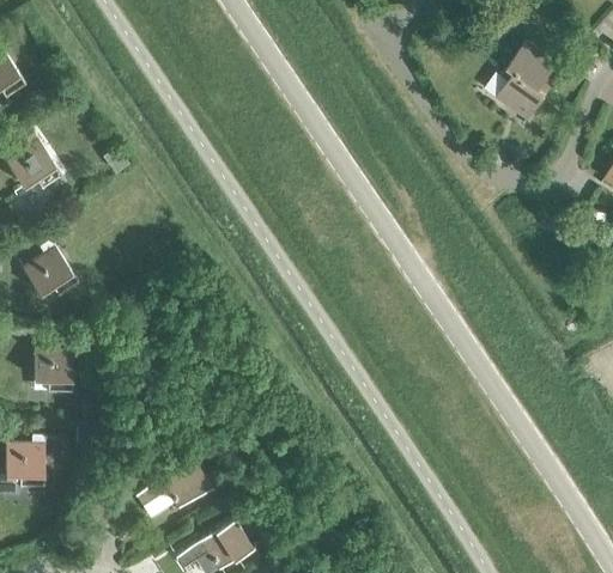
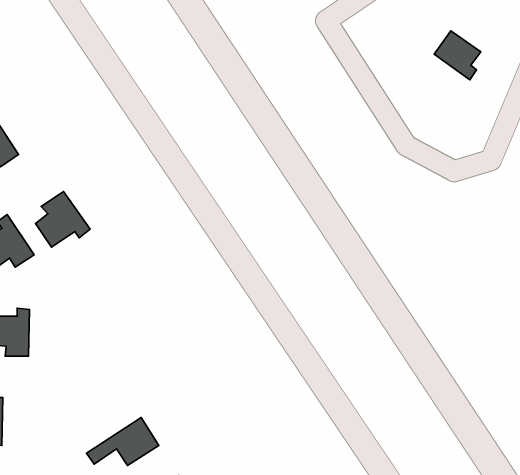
building: [497,68,546,121] -> none
building: none -> [36,191,90,247]

